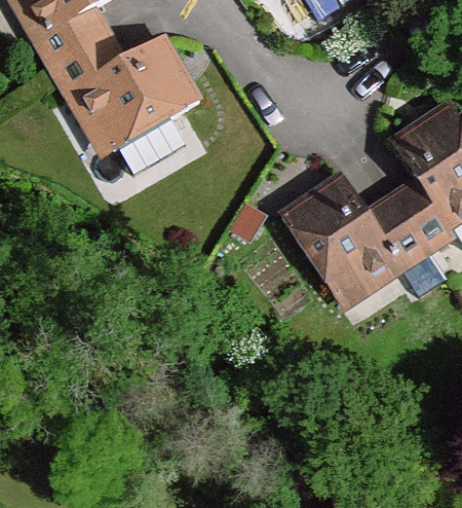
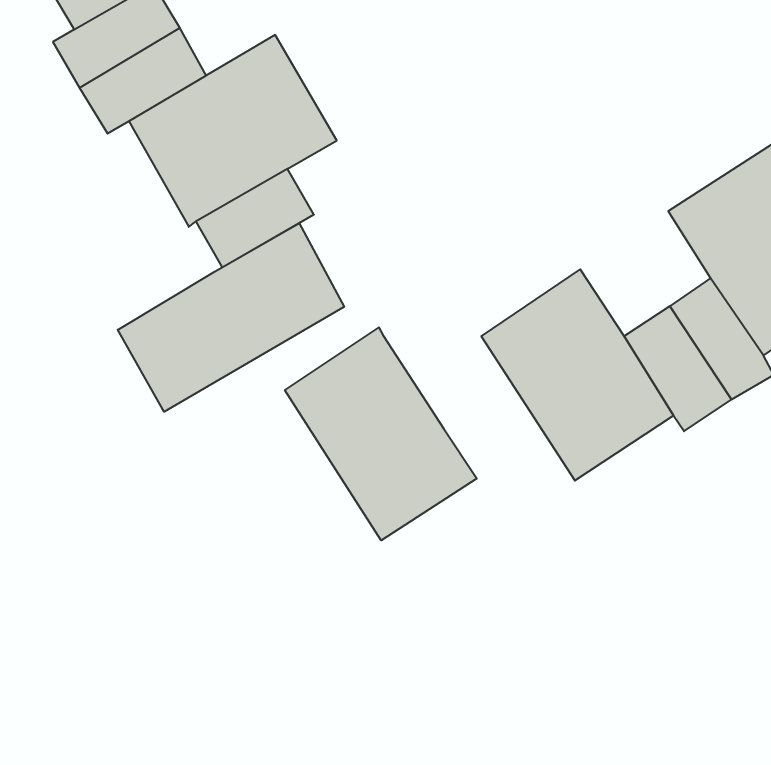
building: none -> [118,223,344,412]
building: none -> [285,327,477,540]

